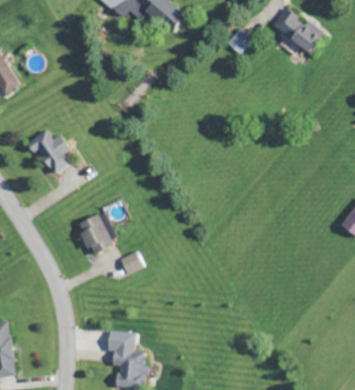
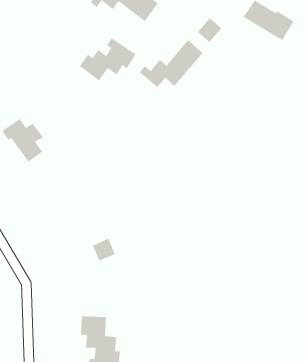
building: none -> [79,37,137,81]
building: none -> [139,39,204,88]
building: [77,212,117,254] -> none

